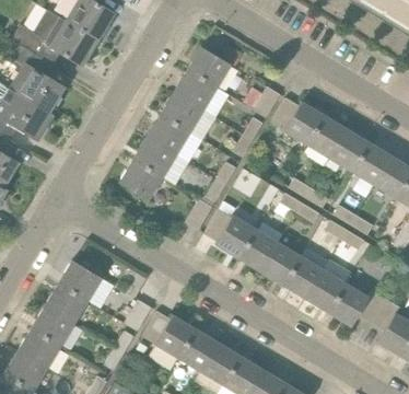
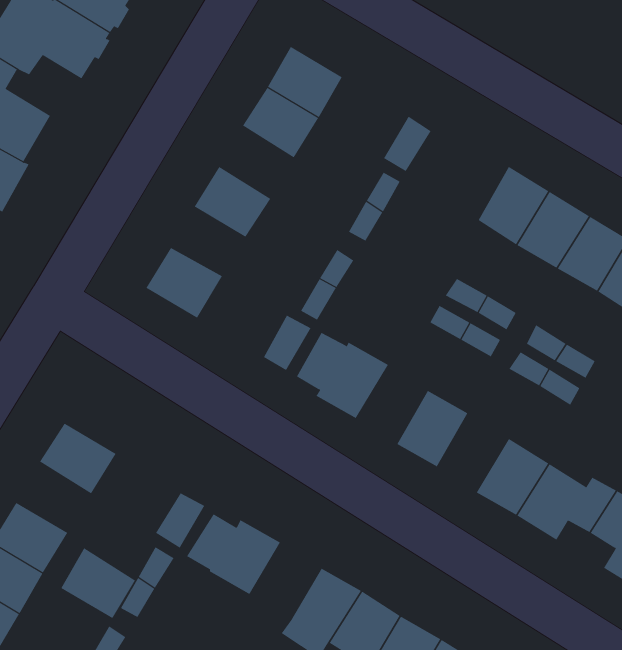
building: [161,92,203,134] -> none
building: [271,99,325,146] -> none
building: [133,138,176,177] -> none
building: [238,228,279,273] -> none
building: [284,255,325,300] -> none
building: [46,282,89,323] -> [61,548,136,619]
building: [178,328,219,372] -> none

